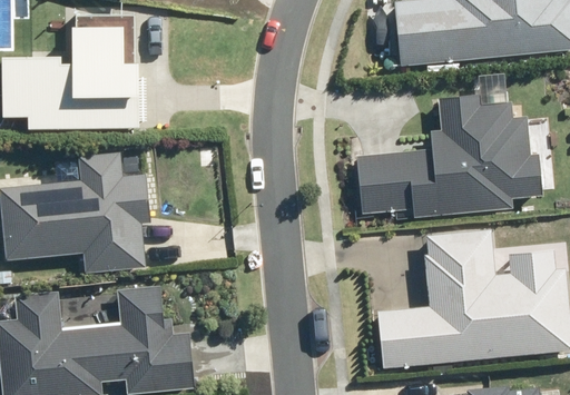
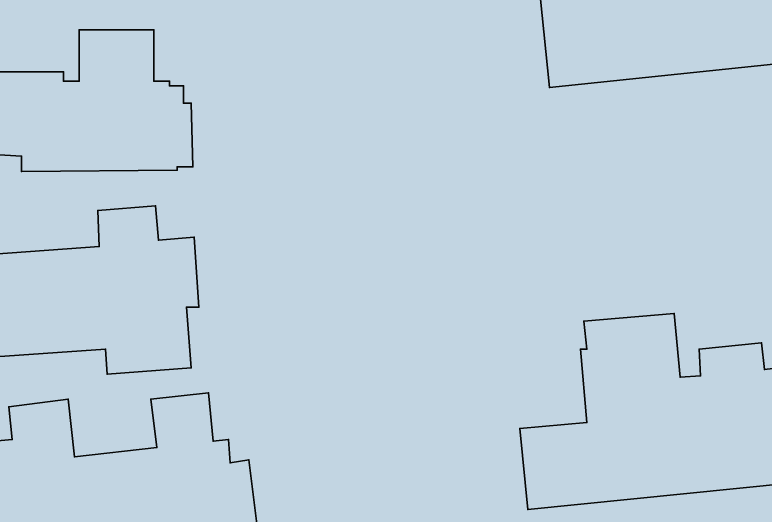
building: [356,96,540,218] -> none

